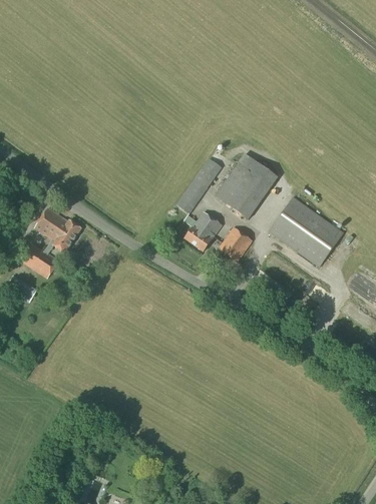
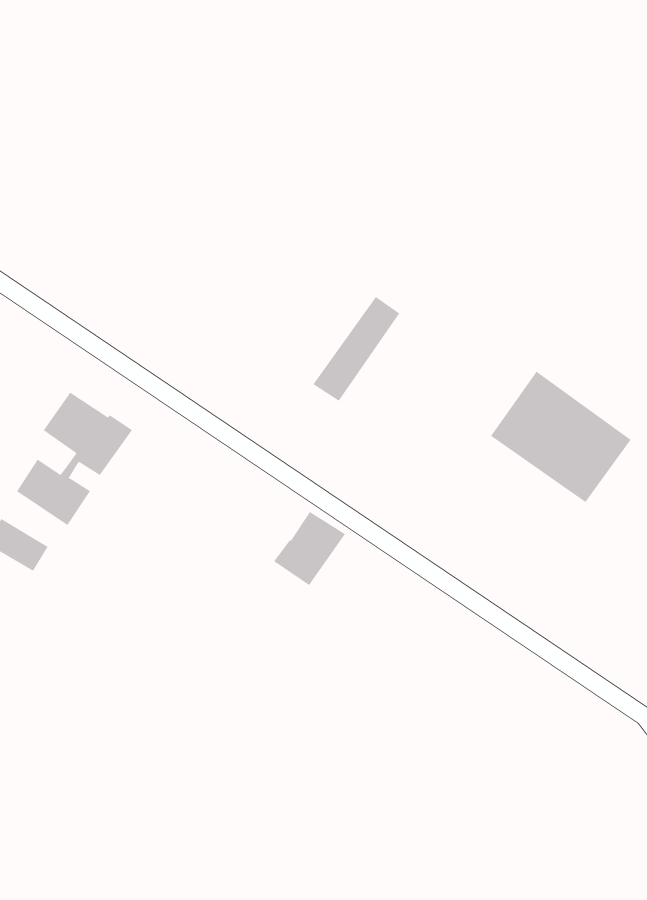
building: [215,153,277,218] -> none
building: [183,211,222,250] -> [273,511,346,586]
building: [219,226,252,261] -> none

